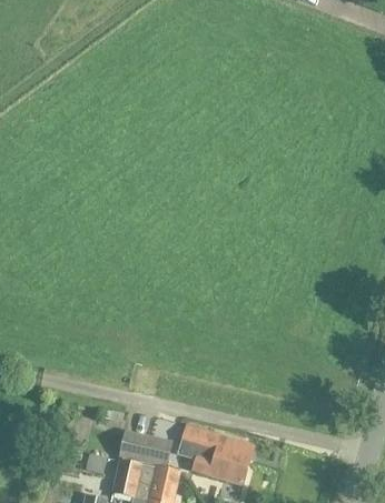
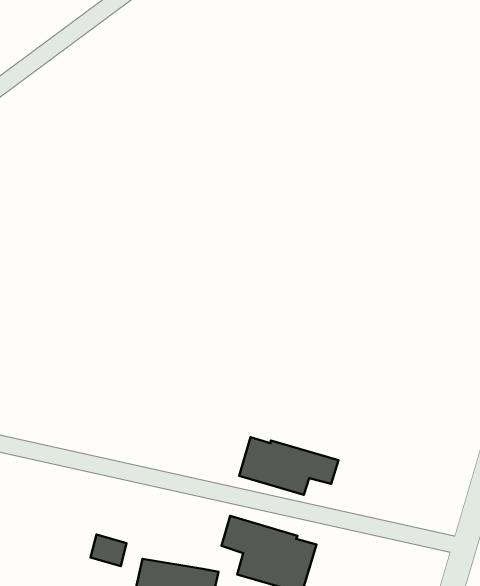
building: none -> [239,437,339,495]
building: [118,430,170,465] -> none

